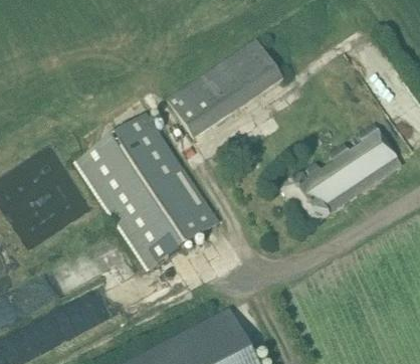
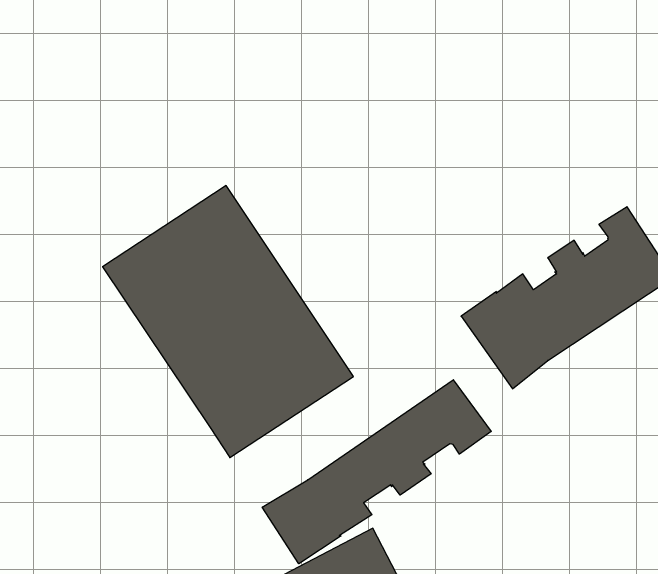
building: [168,39,287,137] -> none
building: none -> [262,380,491,564]

